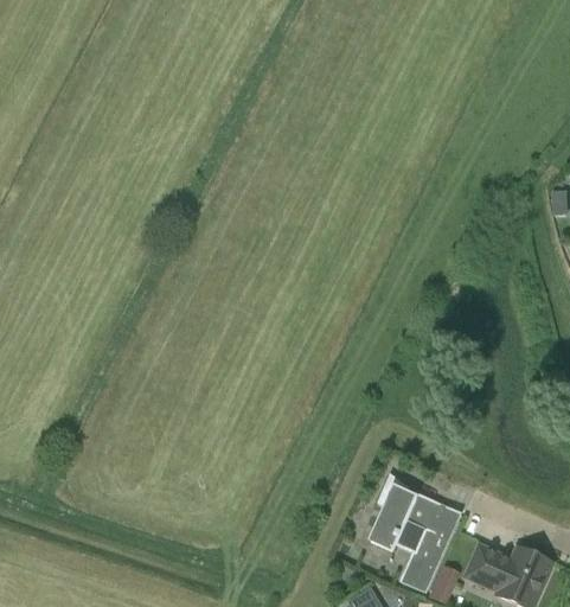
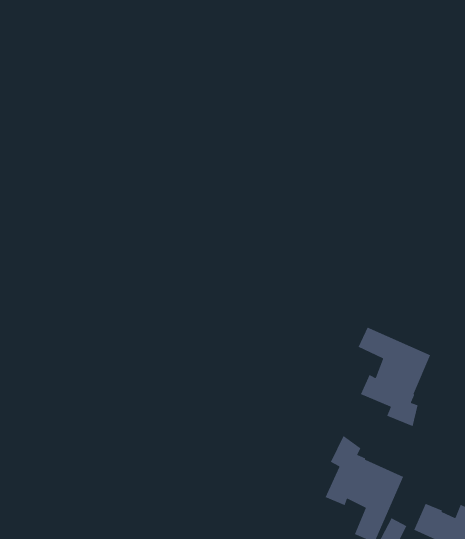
building: none -> [357,326,431,427]

